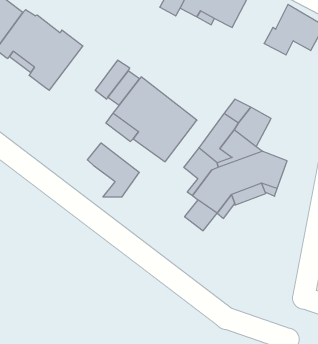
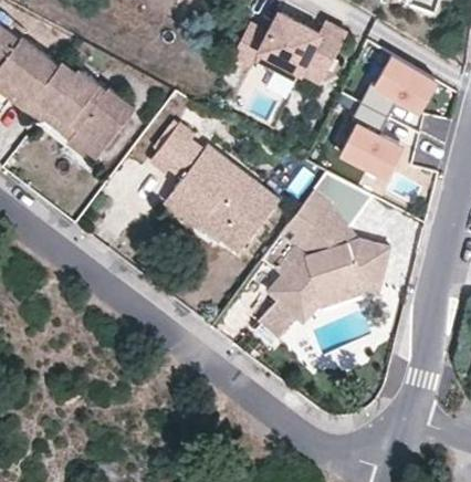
building: none -> [341,104,404,179]
building: [87,143,139,197] -> none

